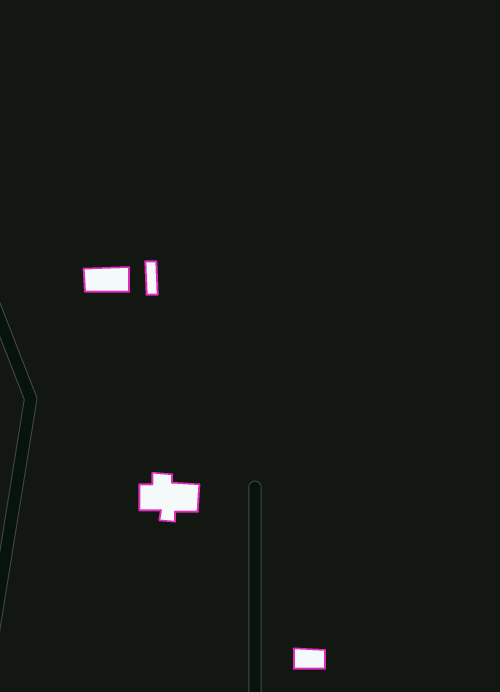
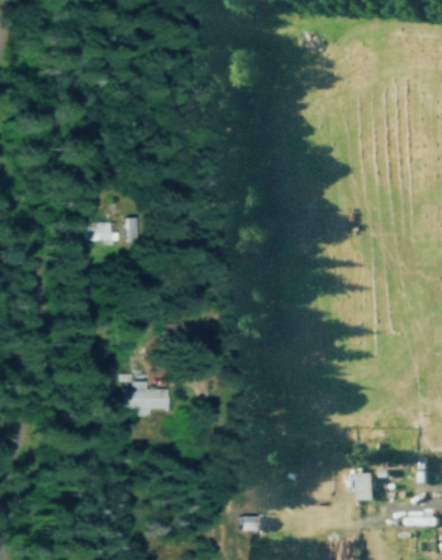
building: none -> [358,473,375,501]

